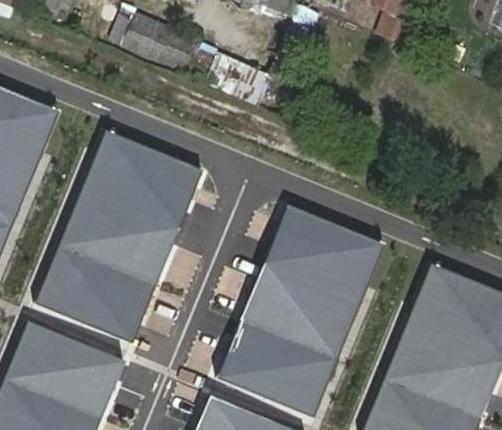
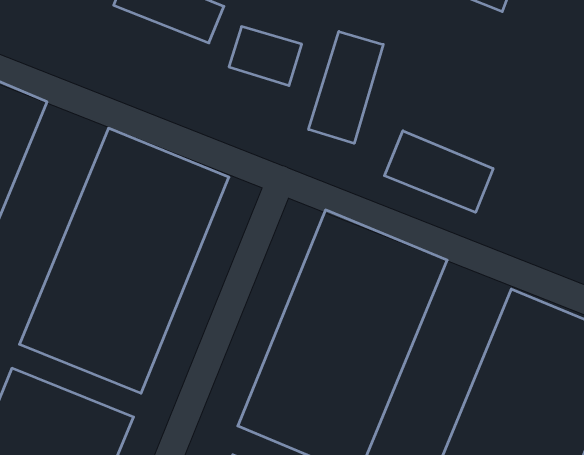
building: none -> [309,31,383,143]
building: none -> [384,131,493,212]

